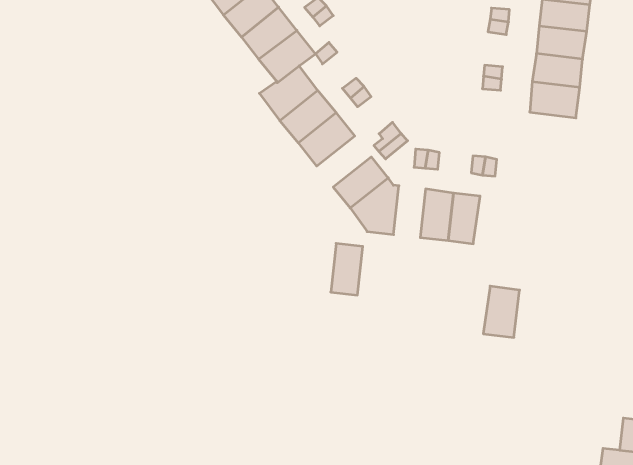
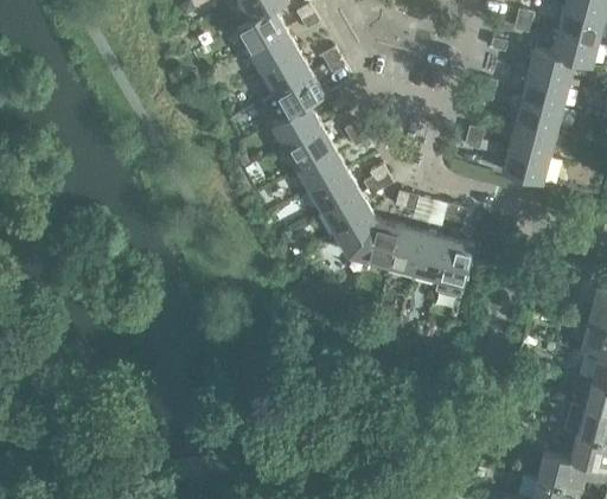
building: none -> [311,172,359,213]
building: [331,243,363,295] -> [369,220,402,268]
building: [483,286,520,337] -> [436,239,473,287]

